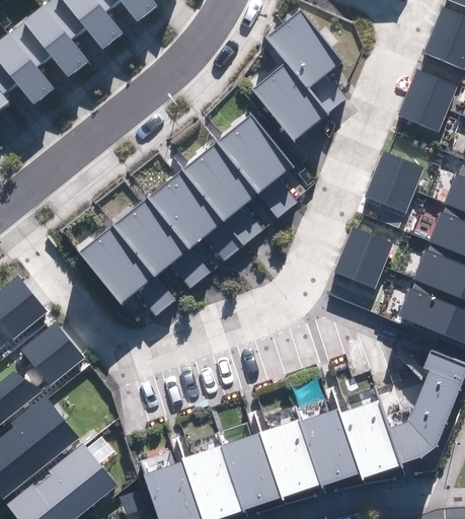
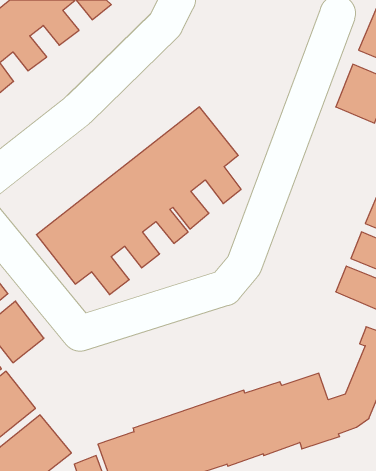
building: [252,10,347,142] -> none
building: [365,152,424,215] -> none
building: [333,227,394,289] -> none

